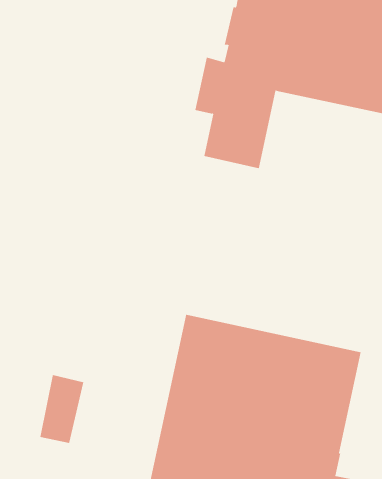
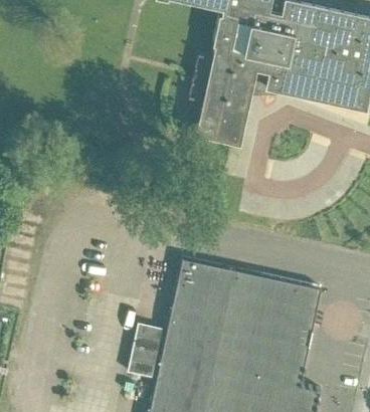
building: [39,375,84,443] -> [128,325,163,379]

